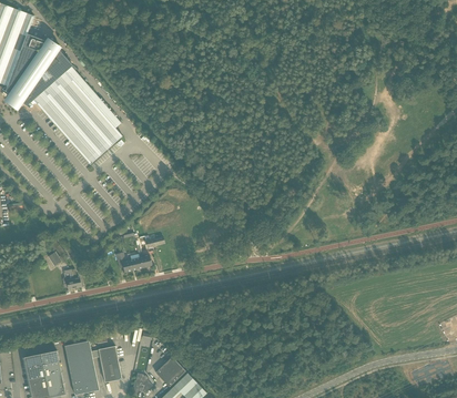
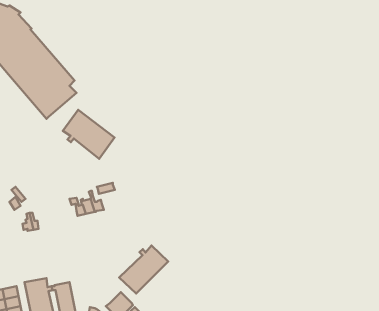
building: none -> [63,110,115,159]
building: none -> [119,245,168,294]

